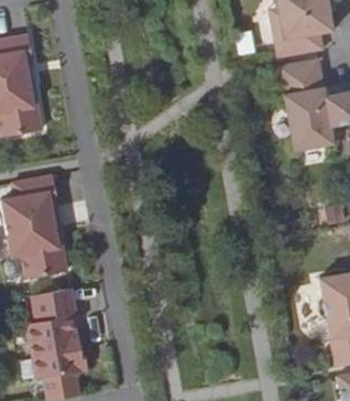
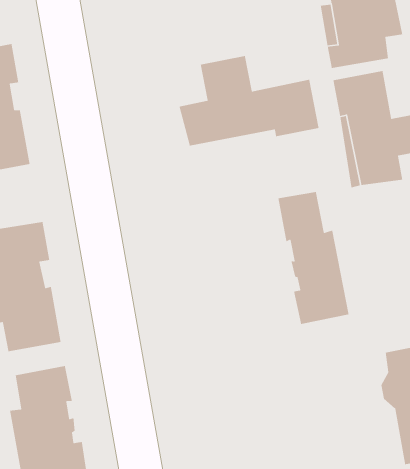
building: none -> [178,55,320,146]
building: none -> [277,191,350,325]

